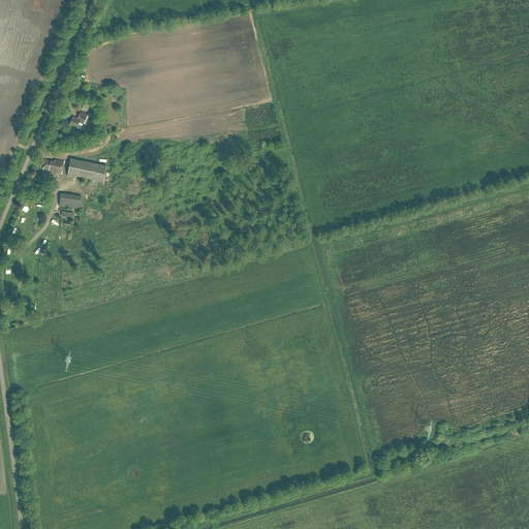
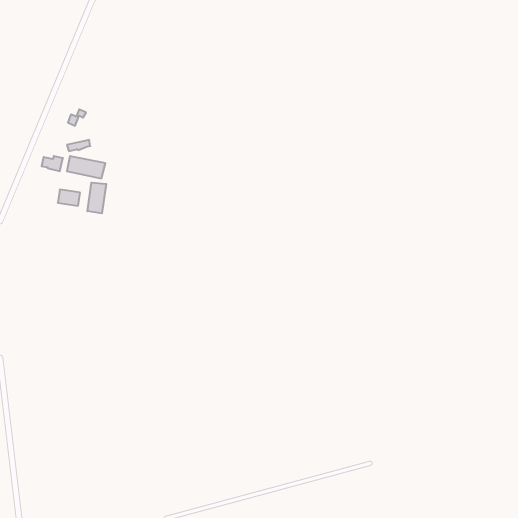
building: none -> [87,183,106,213]

